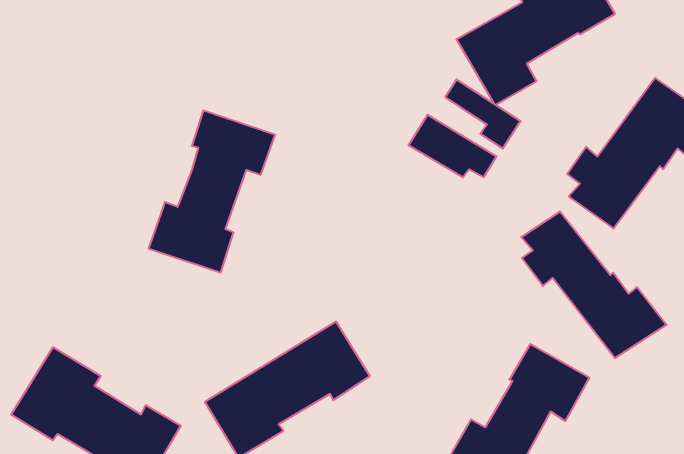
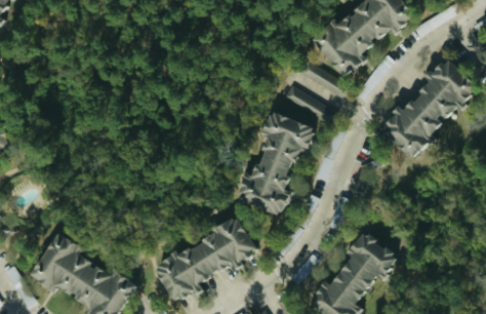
building: [149,111,275,273] -> [236,111,317,214]
building: [521,211,667,358] -> none

